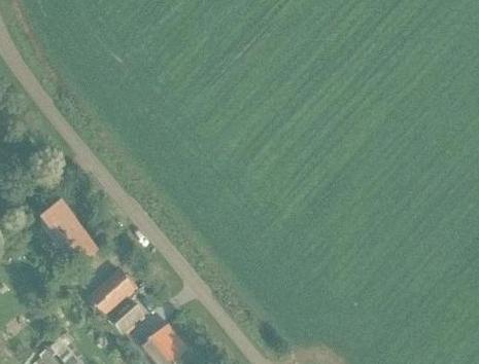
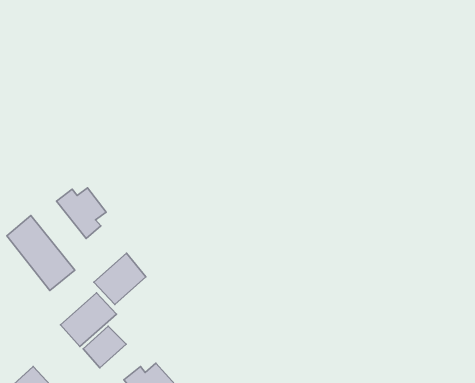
building: none -> [56,188,106,238]
building: none -> [94,253,146,305]

